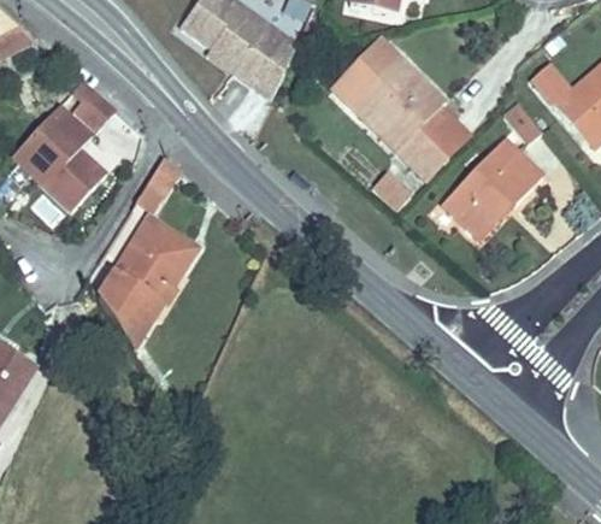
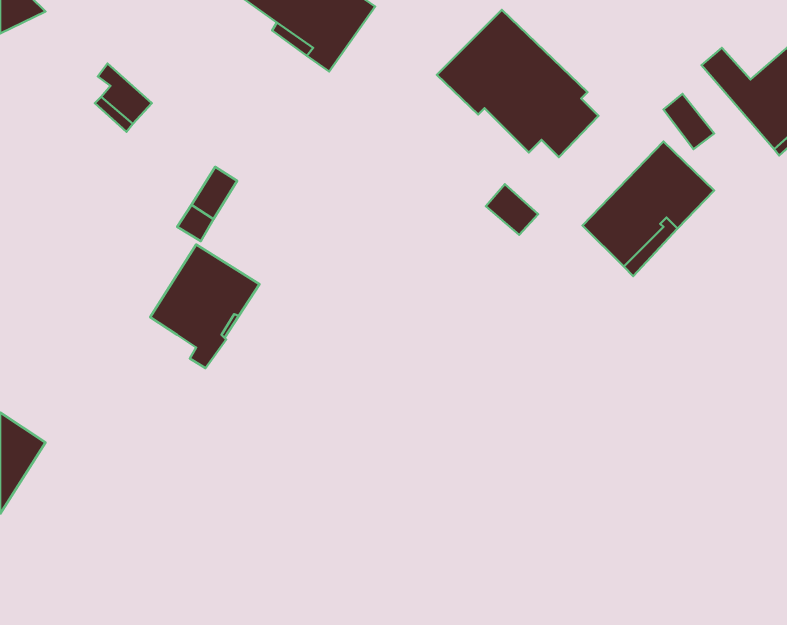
building: [251,36,296,99] -> none
building: [12,106,106,212] -> none
building: [364,113,472,181] -> none
building: [98,272,157,351] -> none

